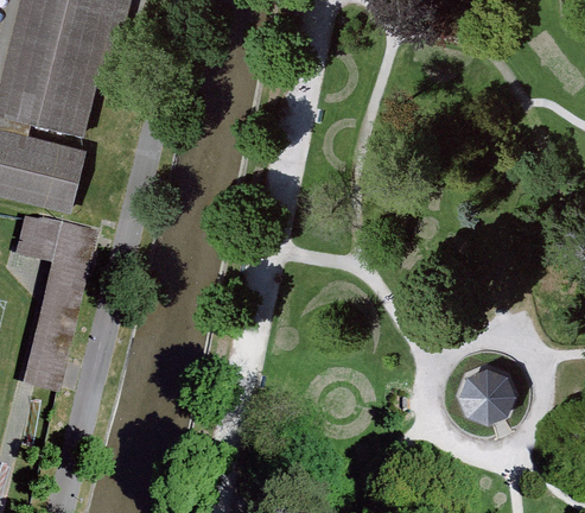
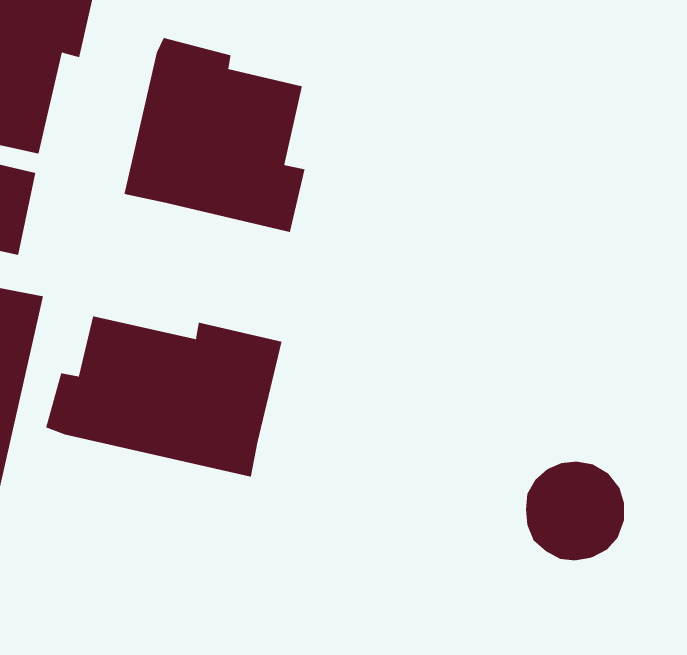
building: none -> [124,37,305,233]
building: none -> [45,315,282,478]

